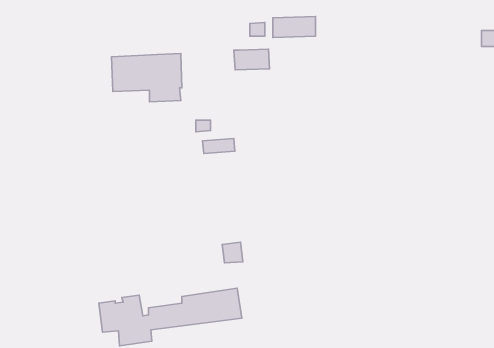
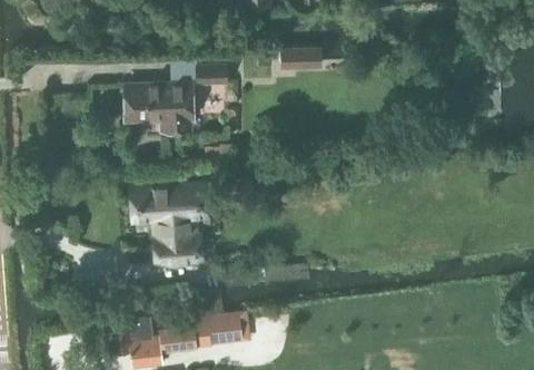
building: [234,49,270,70] -> [192,65,227,85]
building: none -> [131,185,206,264]

